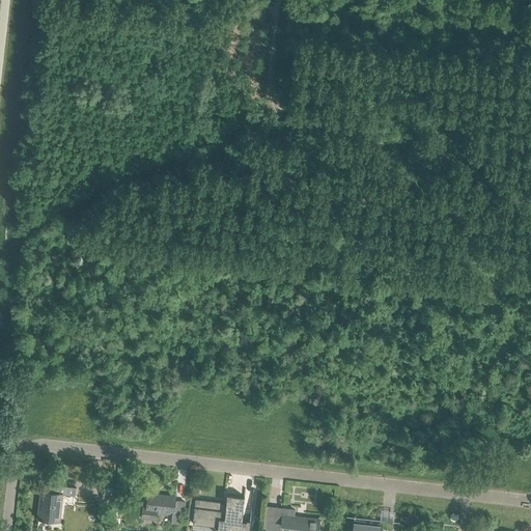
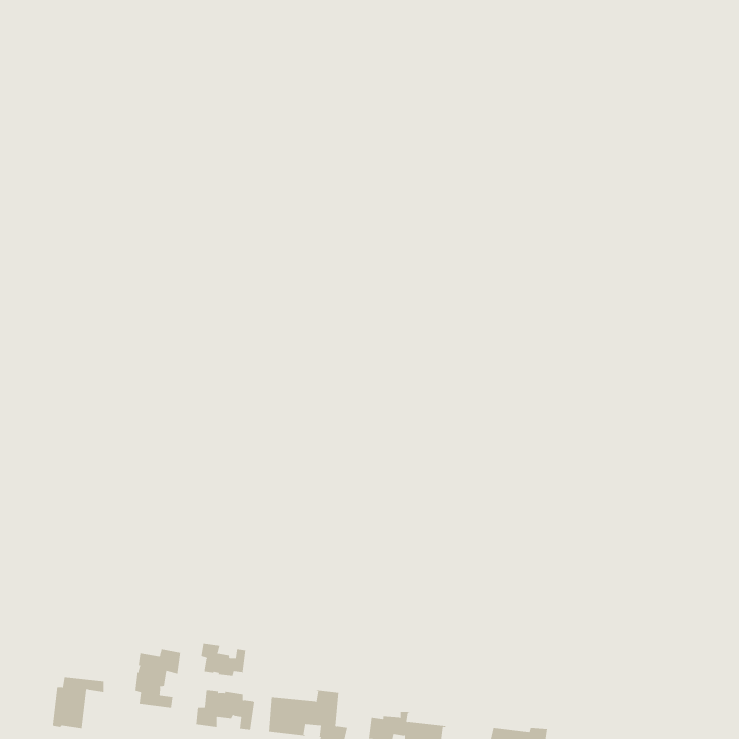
building: none -> [201,643,246,676]
building: none -> [135,649,181,708]

